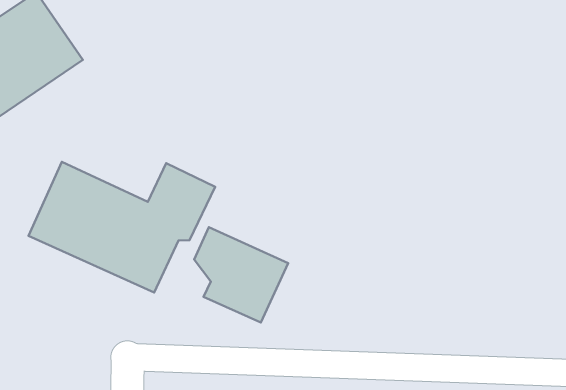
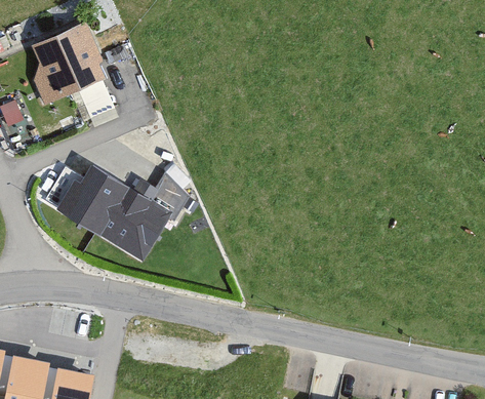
building: [194,227,288,323] -> none

